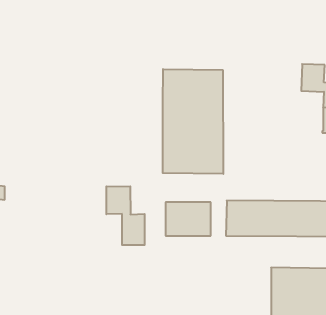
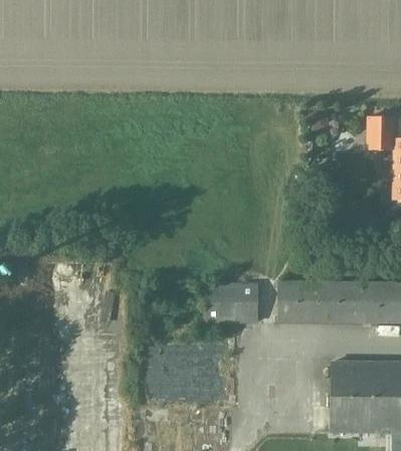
building: [163,69,223,174] -> none
building: [106,186,145,245] -> none

